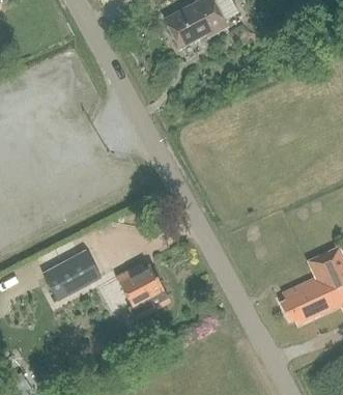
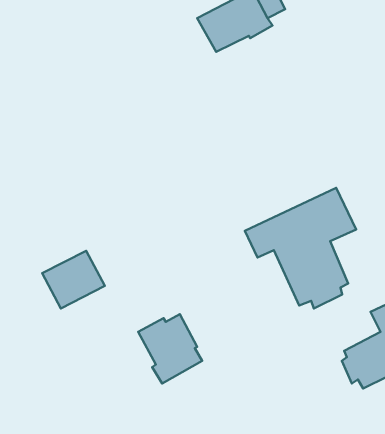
building: none -> [245,188,356,308]
building: [42,253,94,301] -> [42,251,105,308]

